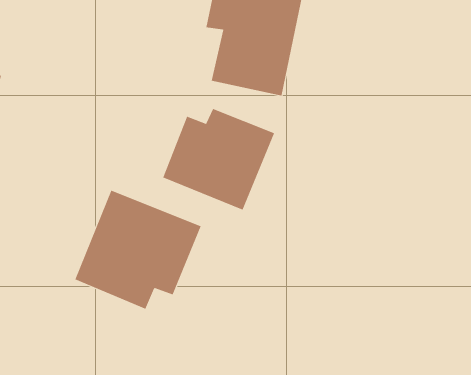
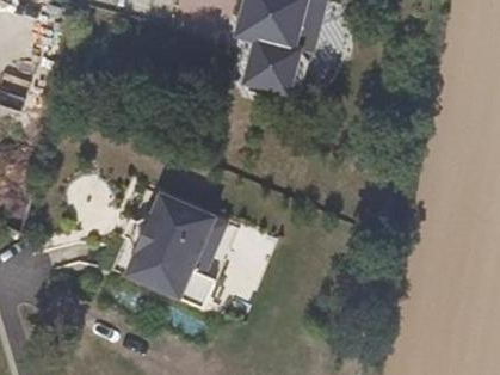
building: [163,108,275,211] -> none

